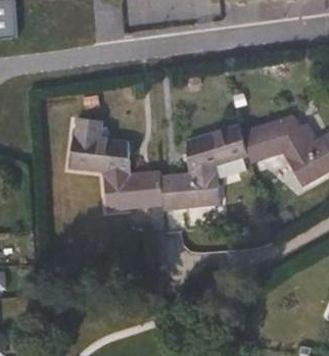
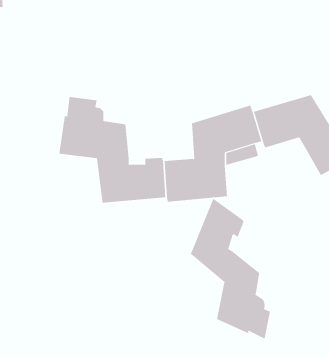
building: none -> [190,198,270,339]

